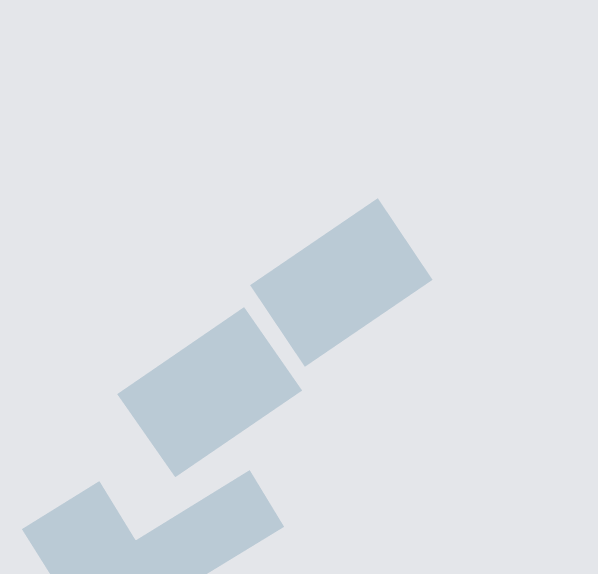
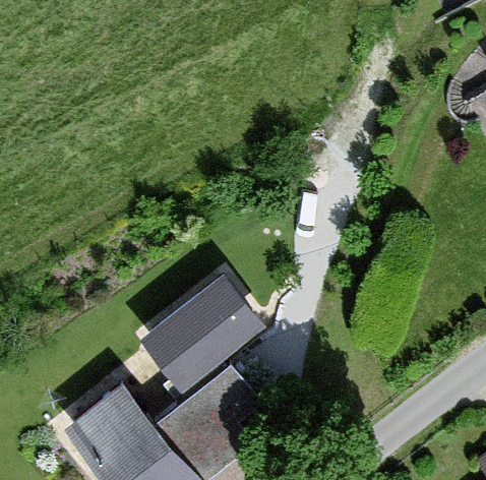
building: [249,197,433,368] -> none

